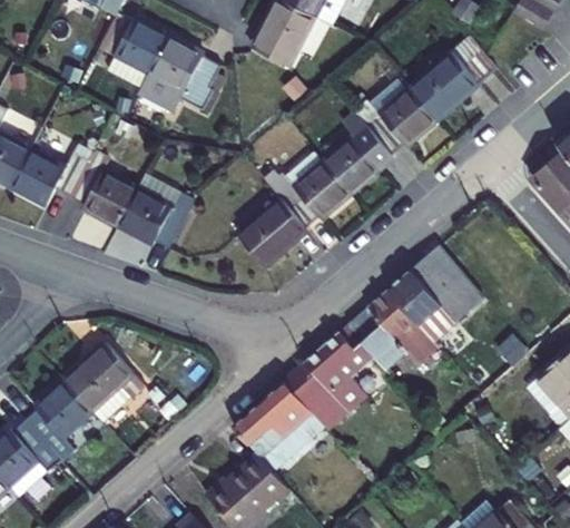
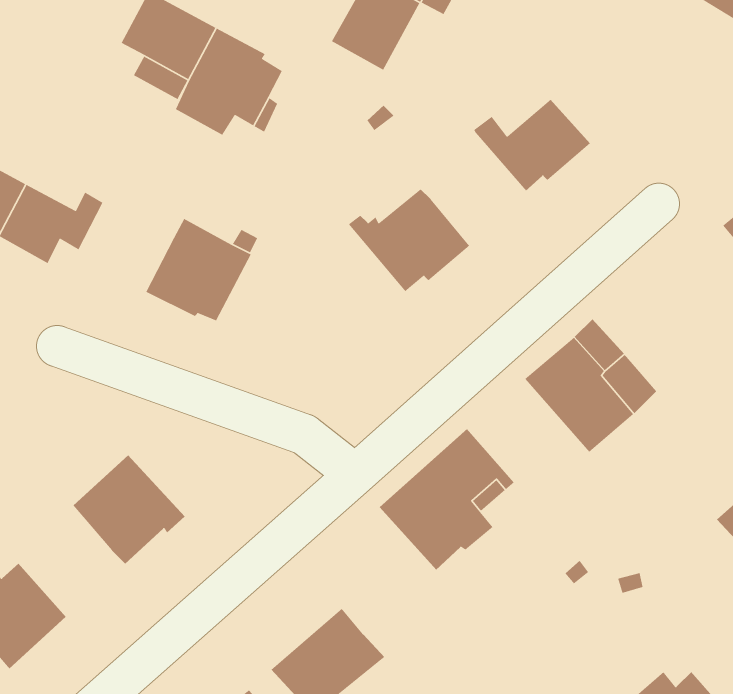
building: [409,37,494,119] -> none
building: [323,111,391,193] -> none
building: [69,162,137,226] -> none
building: [236,197,306,266] -> none
building: [348,289,436,368] -> none
building: [26,380,92,462] -> none
building: [234,381,326,472] -> none

